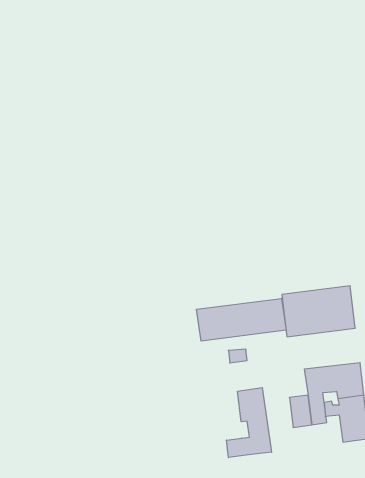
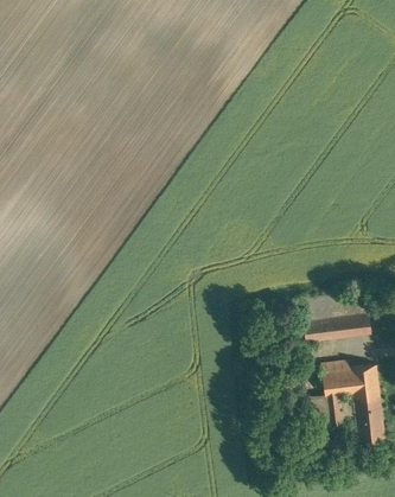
building: [196,298,286,341] -> none
building: [227,388,271,458] -> none

